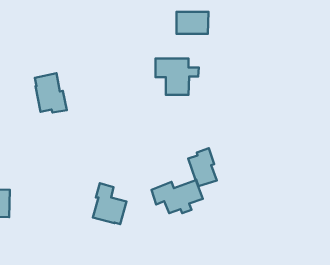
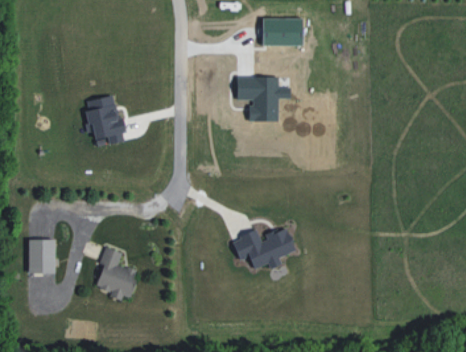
building: [188,148,217,186] -> none
building: [93,183,127,224] -> [96,246,138,297]

